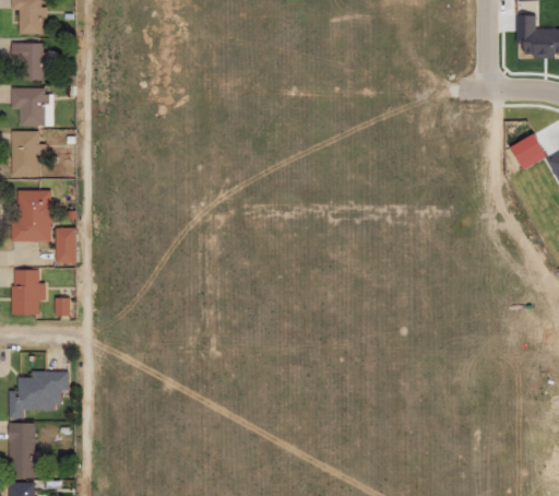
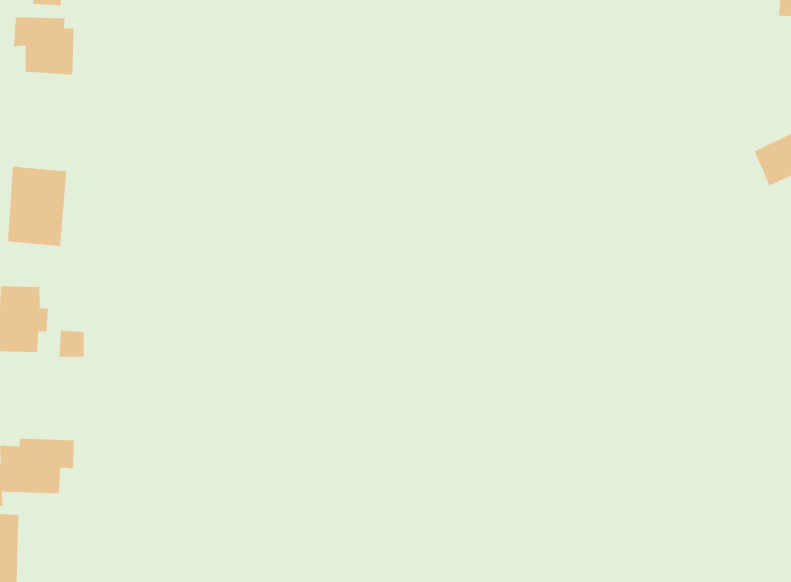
building: [11,131,46,176] -> none
building: [56,227,76,263] -> none

